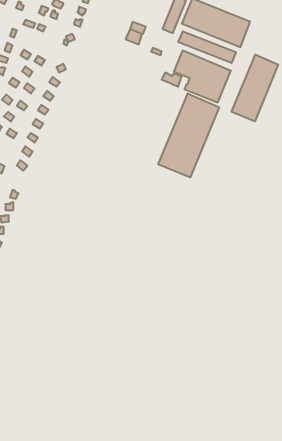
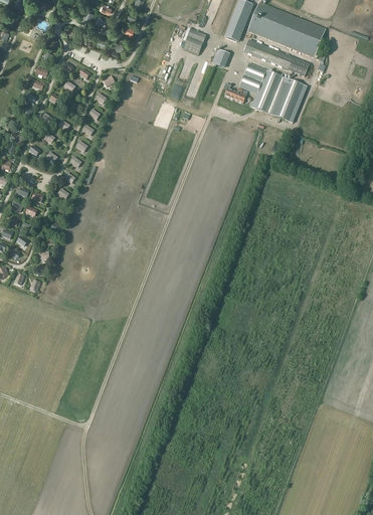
building: [232,55,278,121] -> none
building: [158,93,219,177] -> none

